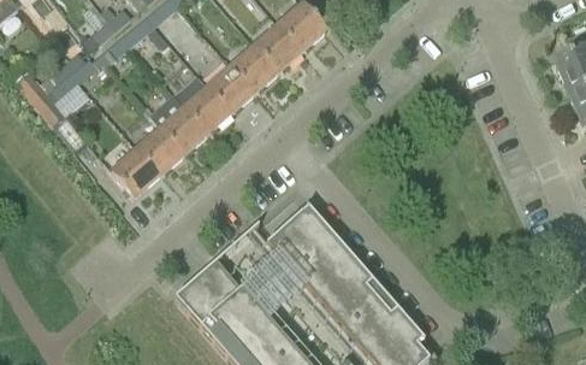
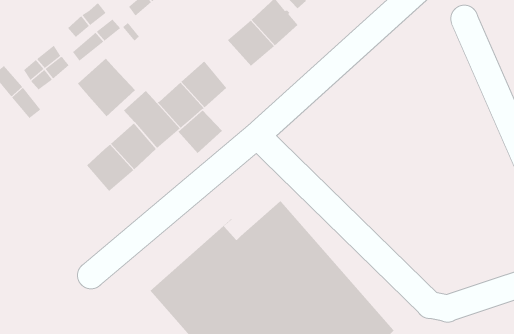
building: [230,43,277,92] -> none
building: none -> [77,58,136,117]
building: none -> [178,110,223,154]

